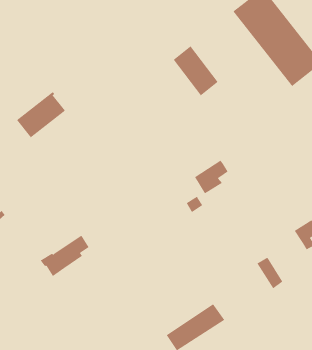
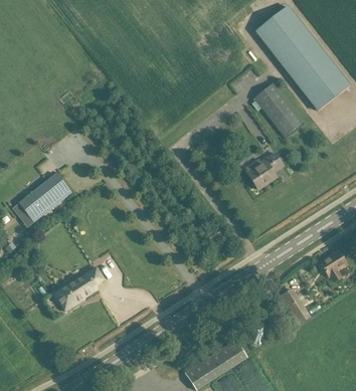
building: [173,45,219,96] -> [255,82,304,136]
building: [16,91,66,138] -> [18,172,70,221]
building: [194,160,228,194] -> [245,153,282,189]

